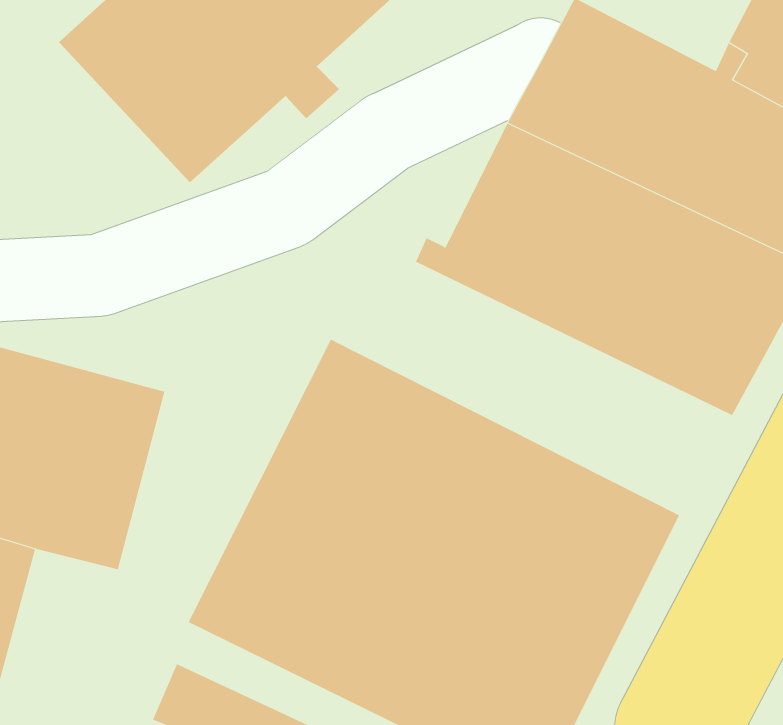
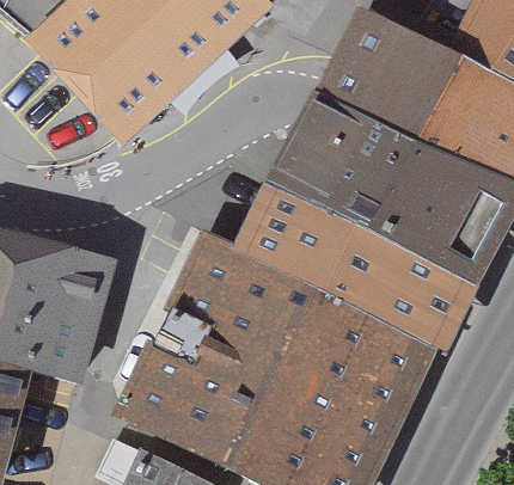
building: none -> [213,171,469,344]

